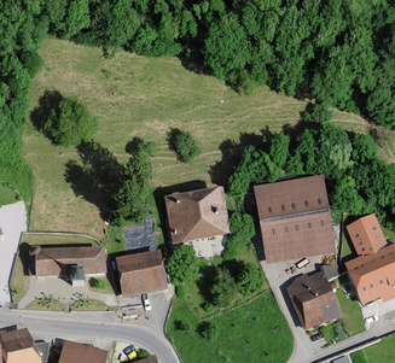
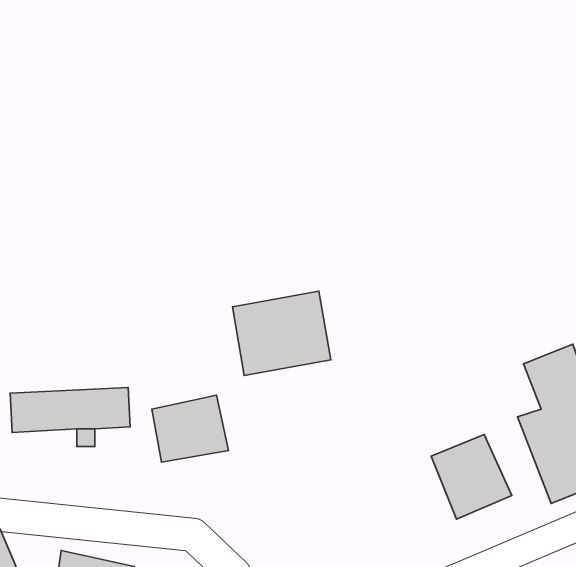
building: [257,172,333,253] -> none

